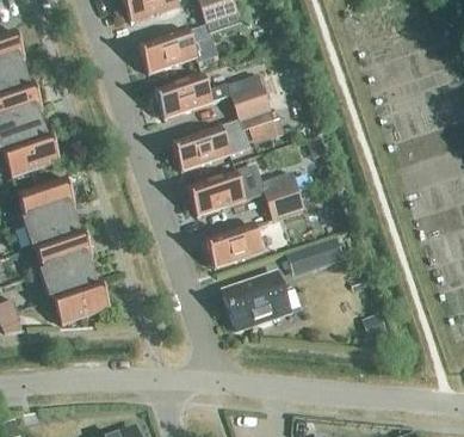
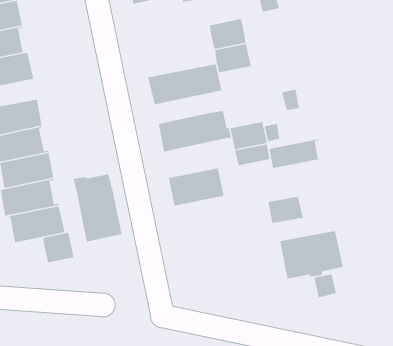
building: [155,74,230,119] -> none
building: none -> [268,139,323,169]
building: none -> [73,174,122,243]
building: [223,273,291,328] -> [278,230,344,279]
building: none -> [42,232,74,263]

